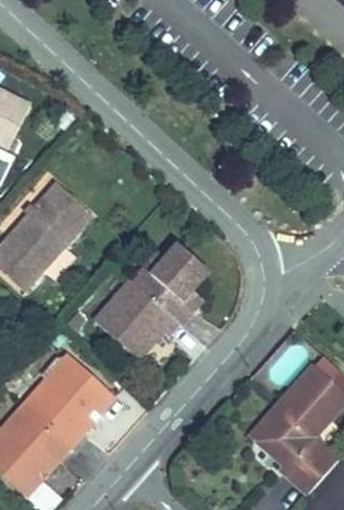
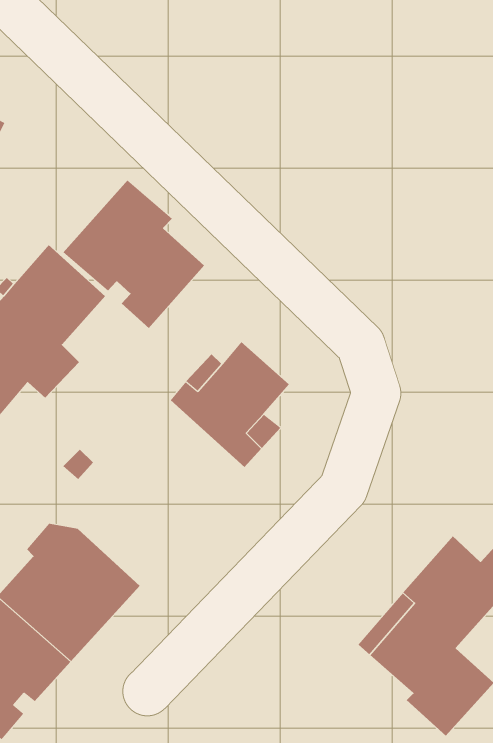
building: none -> [63,180,205,329]
building: [93,277,180,359] -> none

